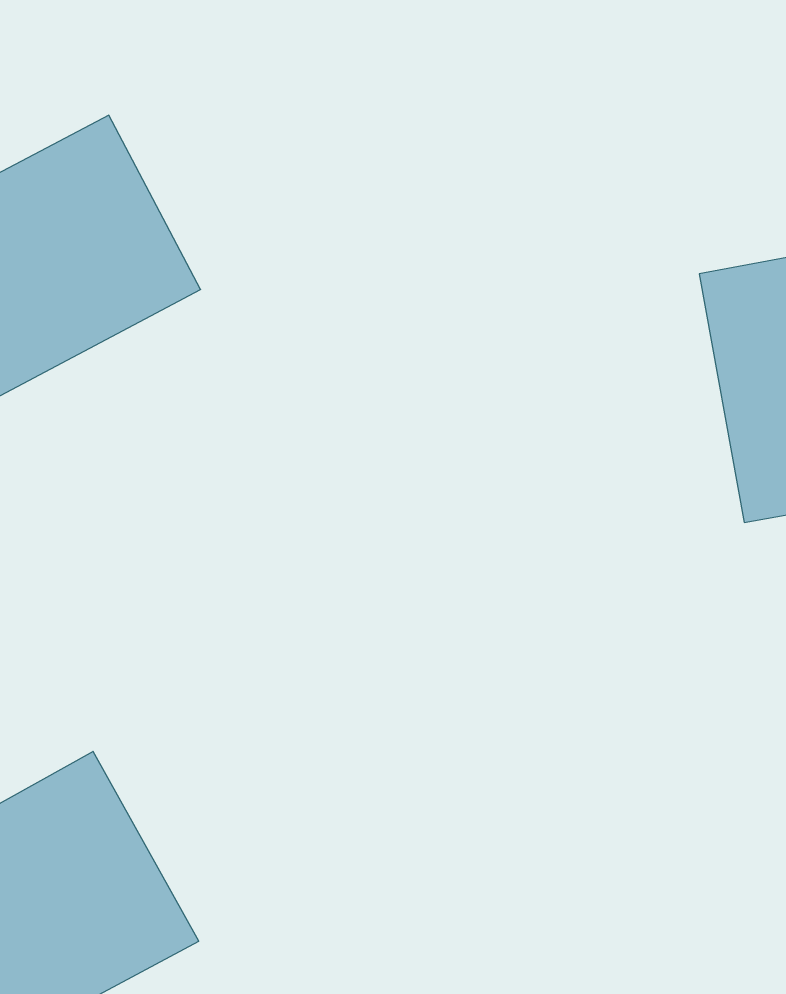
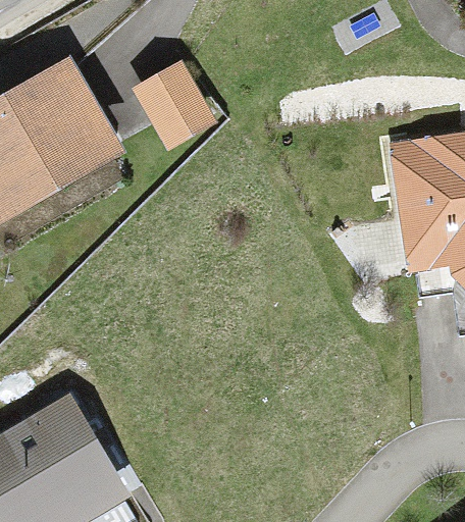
building: none -> [140,68,219,148]

